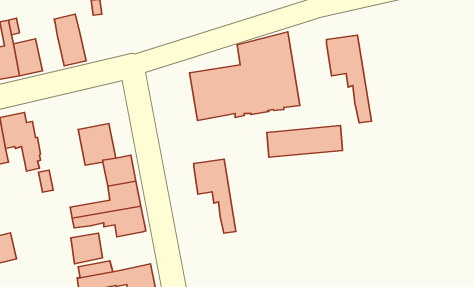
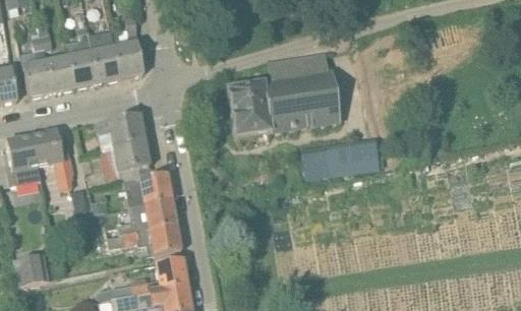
building: none -> [66,26,99,87]
building: none -> [114,41,144,77]
building: [327,35,372,123] -> none
building: none -> [98,115,144,147]
building: [194,159,236,233] -> none
building: [71,233,102,264] -> [155,259,187,291]

